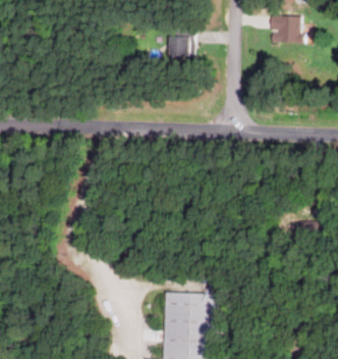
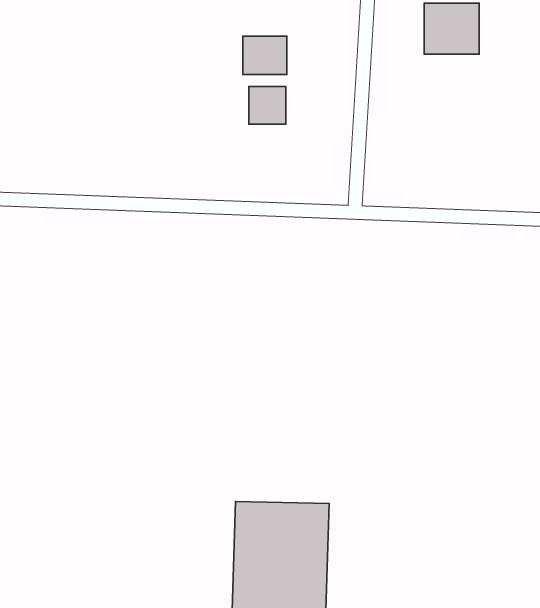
building: none -> [249,86,286,124]

